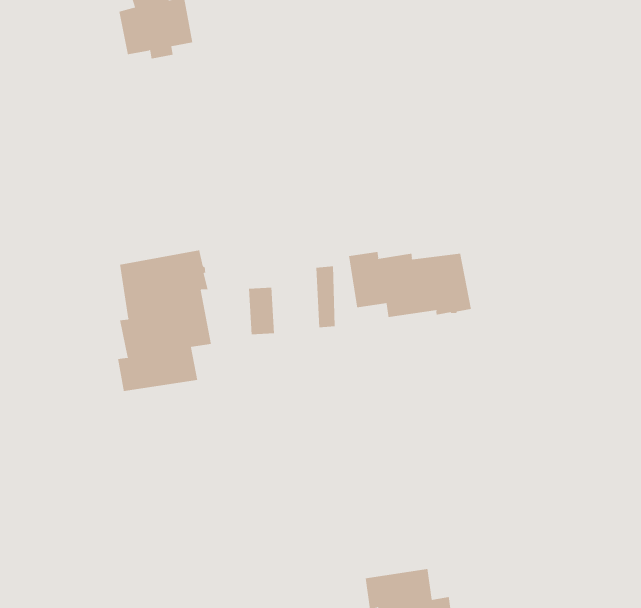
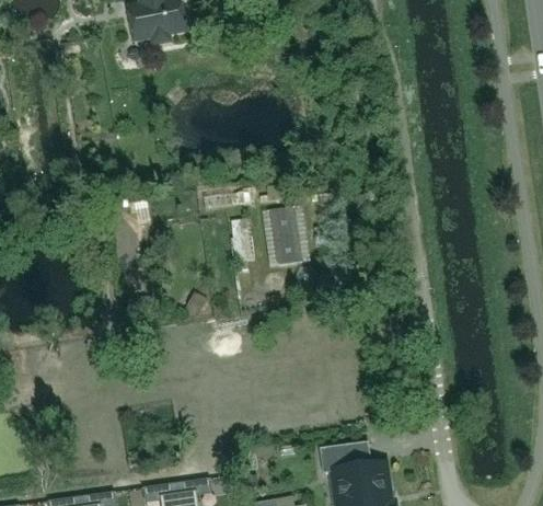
building: [117,249,211,392] -> none
building: [349,251,472,318] -> none

